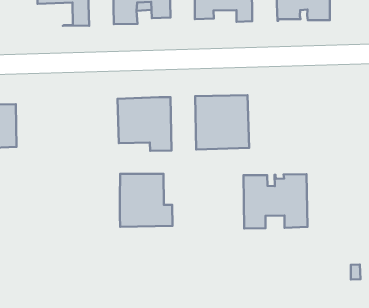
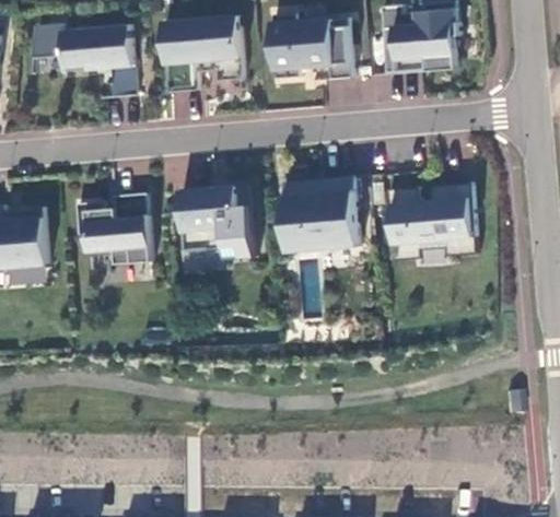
building: none -> [74,191,151,263]
building: [120,174,172,227] -> none
building: [243,174,307,229] -> [387,181,477,259]

